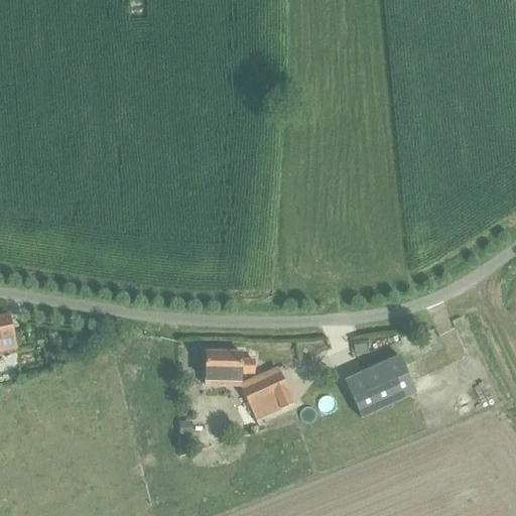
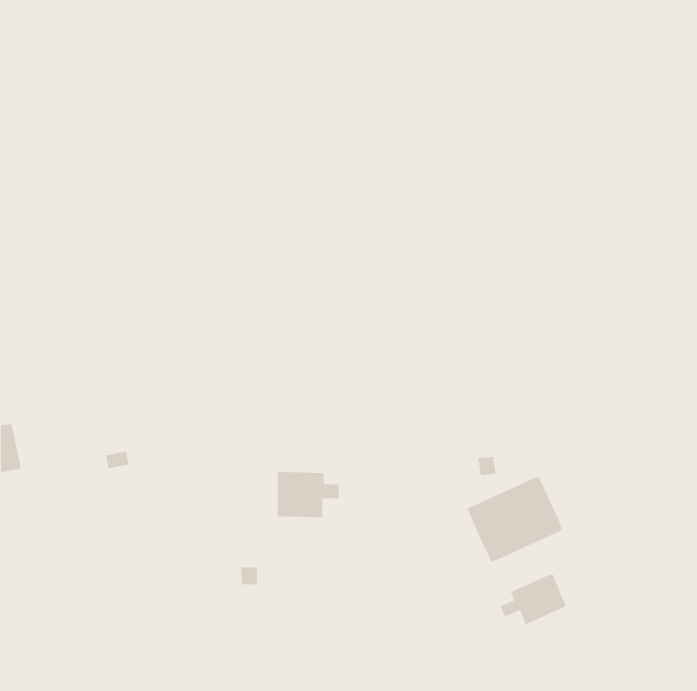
building: [243,371,292,418] -> none
building: none -> [500,573,567,625]

